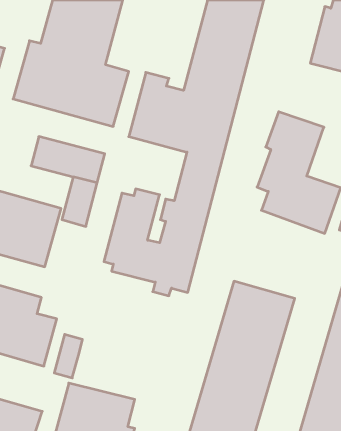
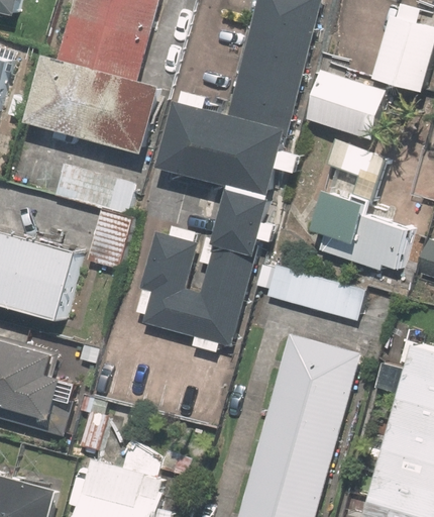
building: none -> [303,69,392,138]
building: none -> [261,266,360,322]

